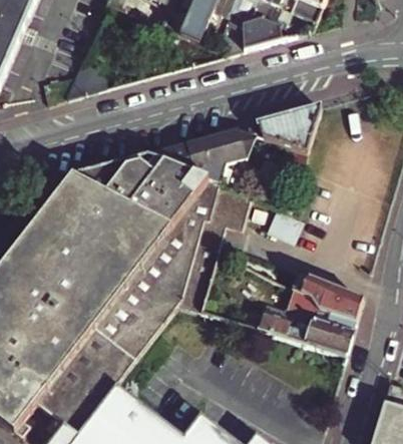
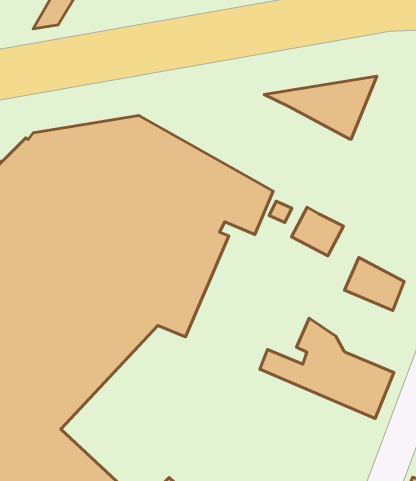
building: [148,126,258,184] -> none
building: [318,284,361,320] -> [344,258,404,310]

